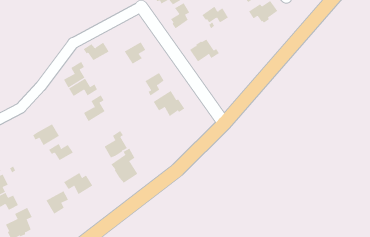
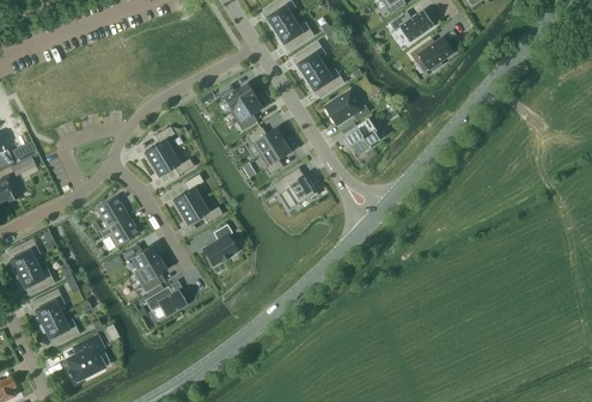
building: [201,6,230,23] -> [305,65,347,90]
building: [83,42,109,62] -> [218,81,256,110]
building: none -> [343,118,379,156]
building: none -> [245,127,282,153]
building: none -> [96,195,128,226]
building: none -> [179,196,222,224]
building: [111,148,138,184] -> none
building: [46,191,69,215] -> [133,256,166,291]

